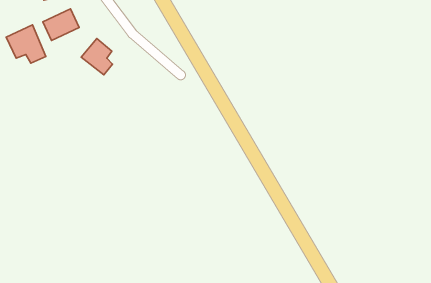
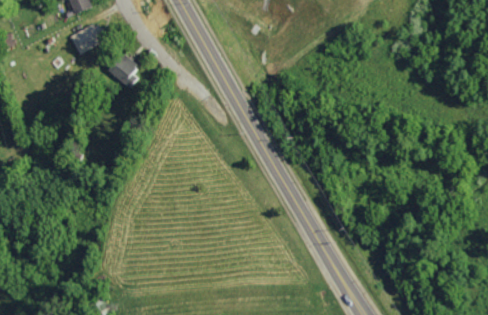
building: [6,25,46,63] -> none

